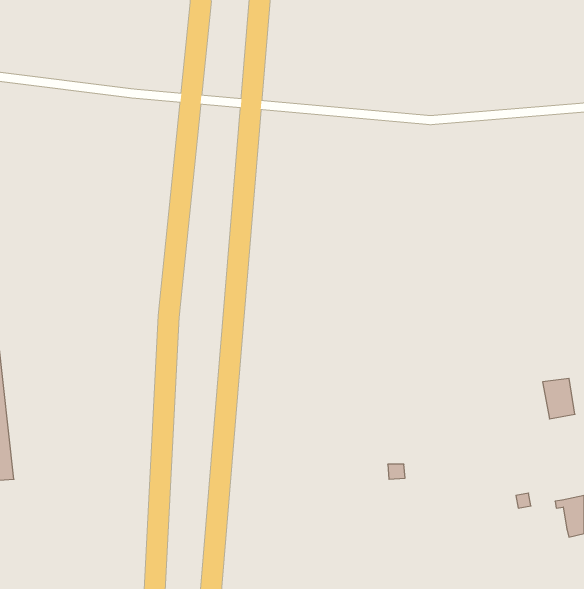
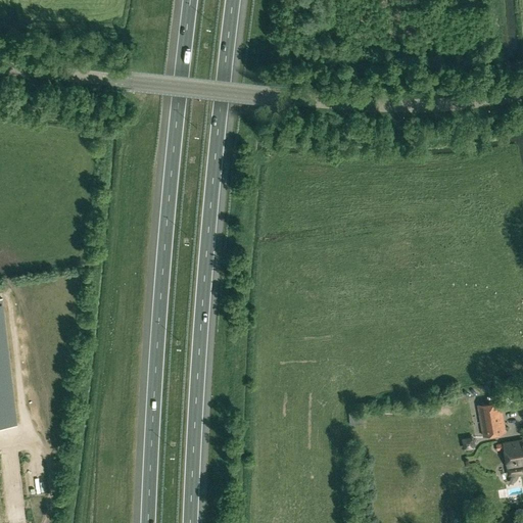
building: [543,378,575,419] -> [472,401,501,437]

